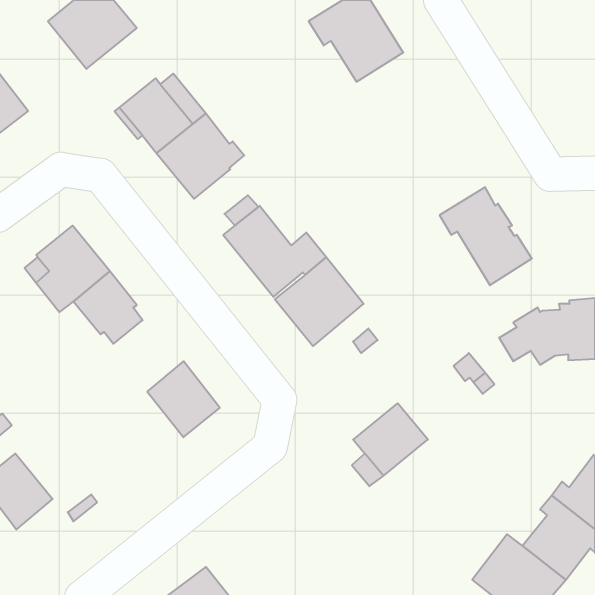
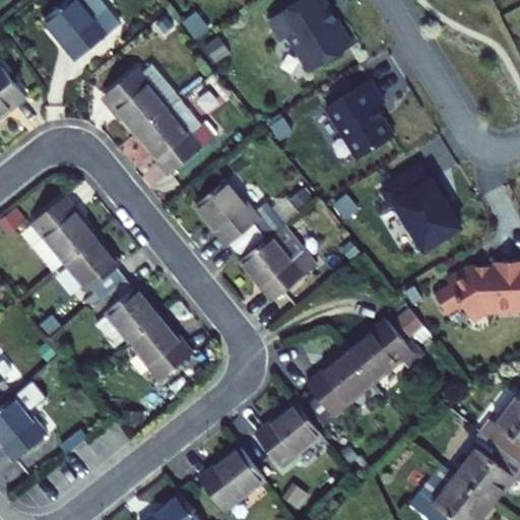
building: none -> [324,80,393,160]
building: none -> [95,280,159,351]
building: none -> [345,321,421,384]
building: none -> [256,404,321,467]
building: none -> [199,448,264,511]

